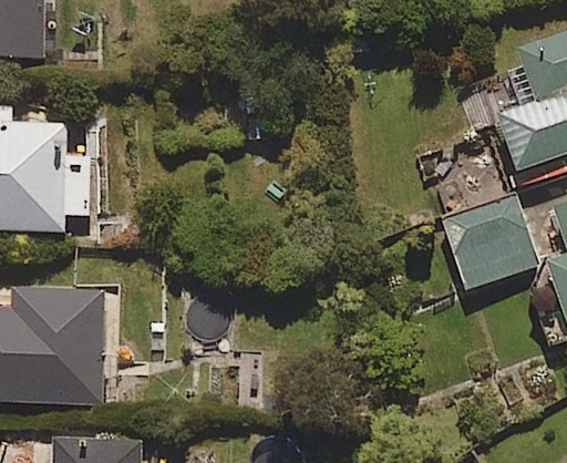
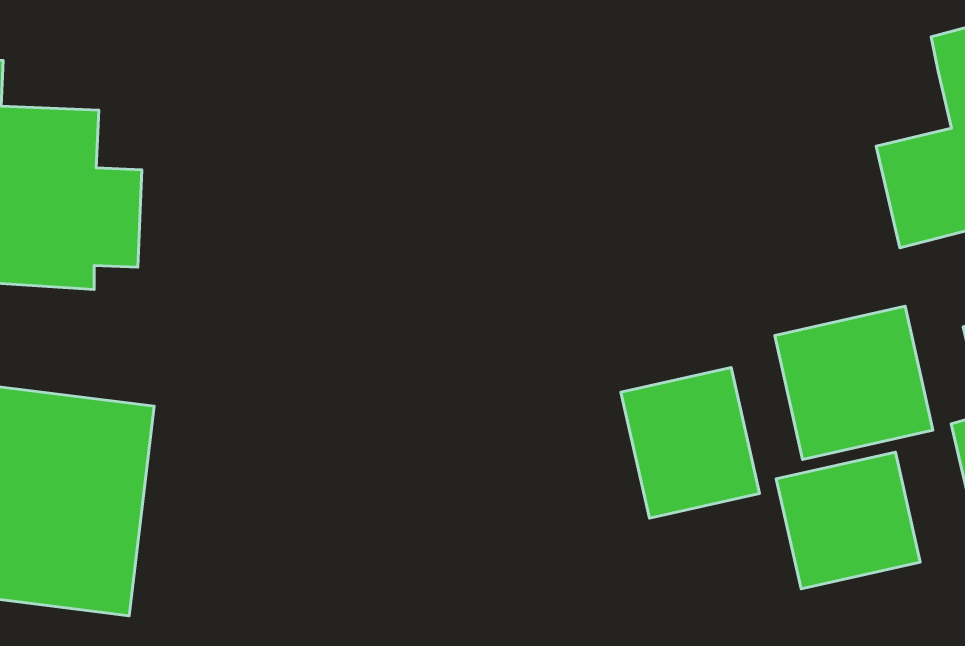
building: none -> [621,367,760,518]
building: none -> [776,452,920,589]

